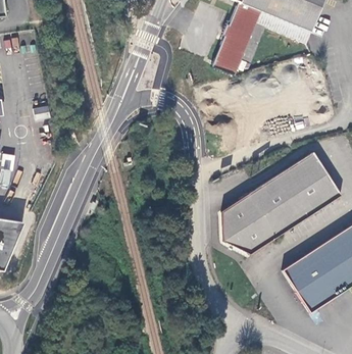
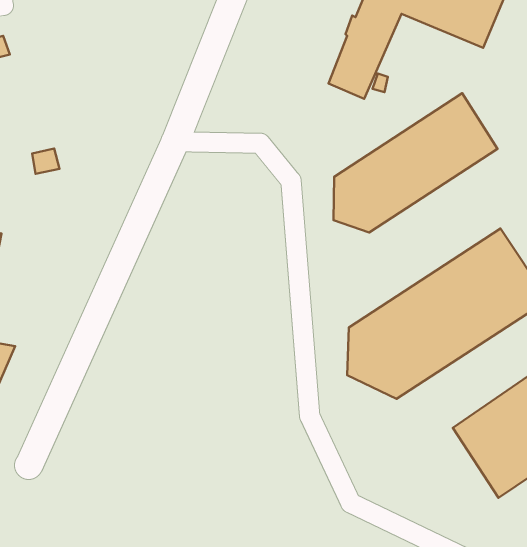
building: none -> [333,93,497,232]

